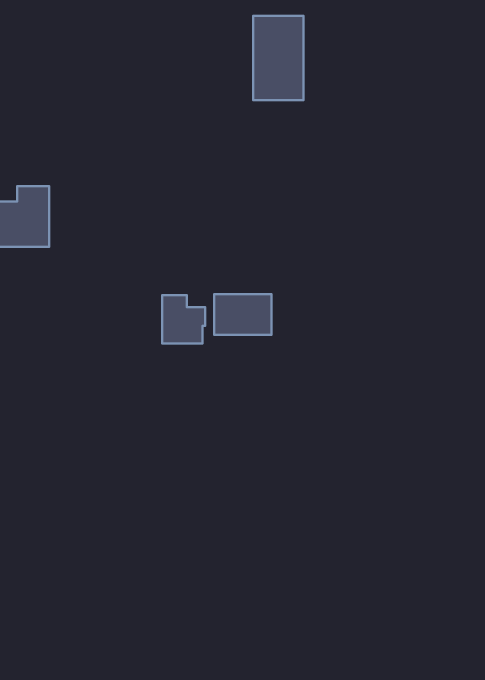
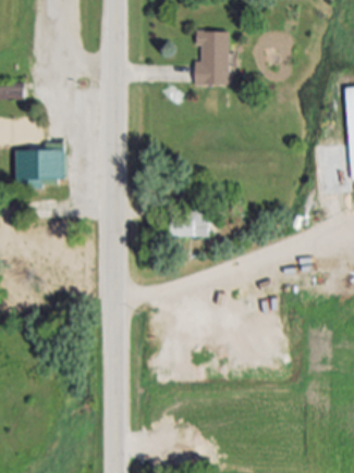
building: [162,295,205,343] -> none

